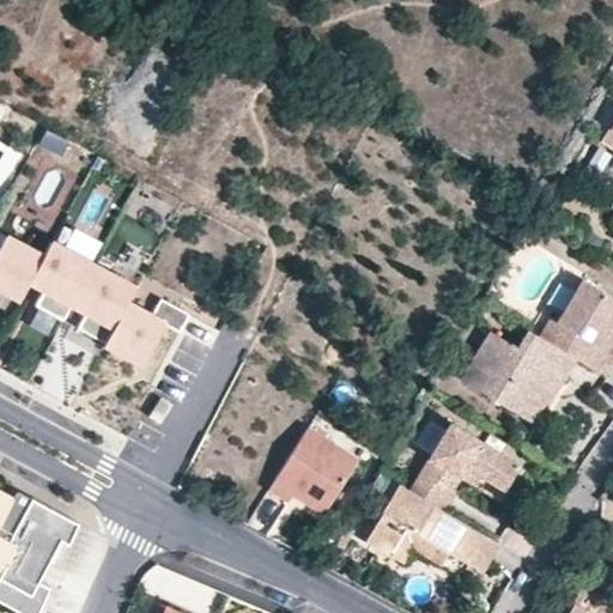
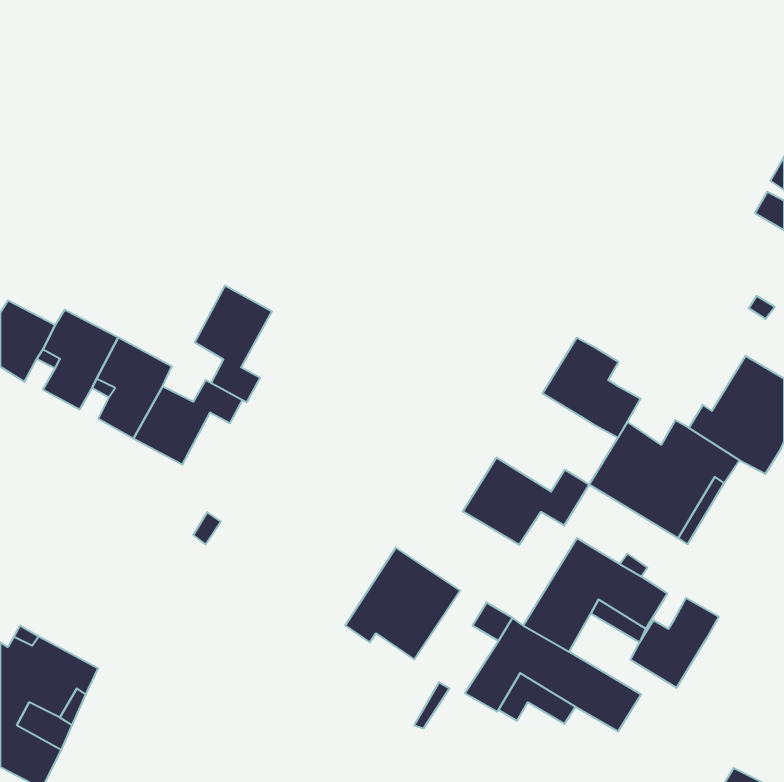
building: none -> [195,285,272,402]
building: none -> [543,338,641,438]
building: none -> [463,457,589,545]
building: none -> [630,598,719,688]

